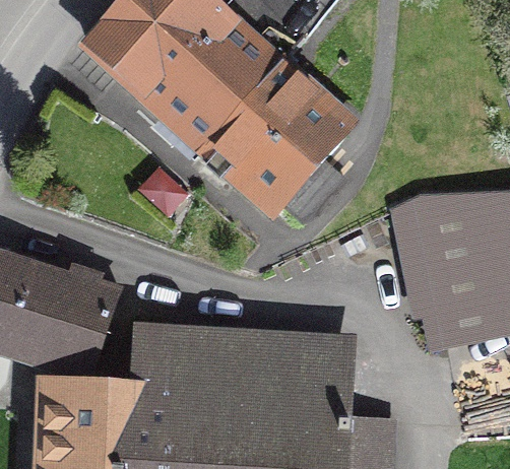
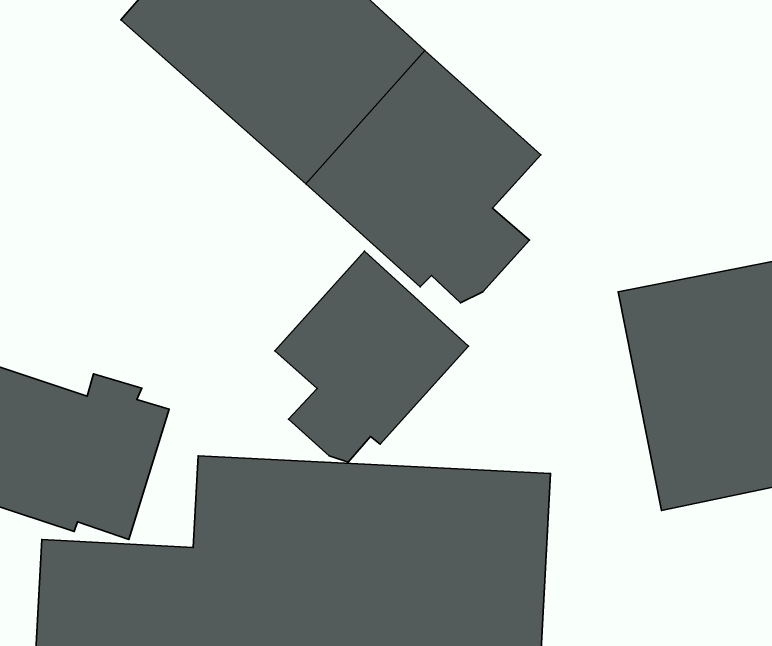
building: none -> [275,251,469,462]

